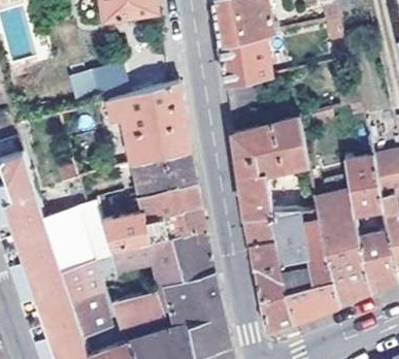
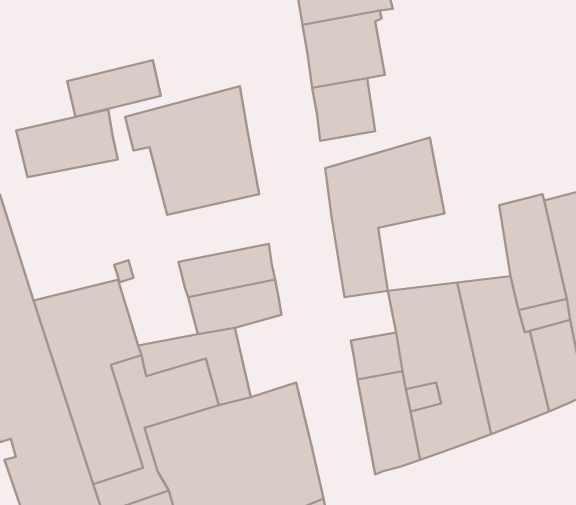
building: [131,151,196,194] -> [16,110,118,177]
building: [103,210,151,248] -> none
building: [244,213,277,244] -> none
building: [174,228,213,281] -> none

